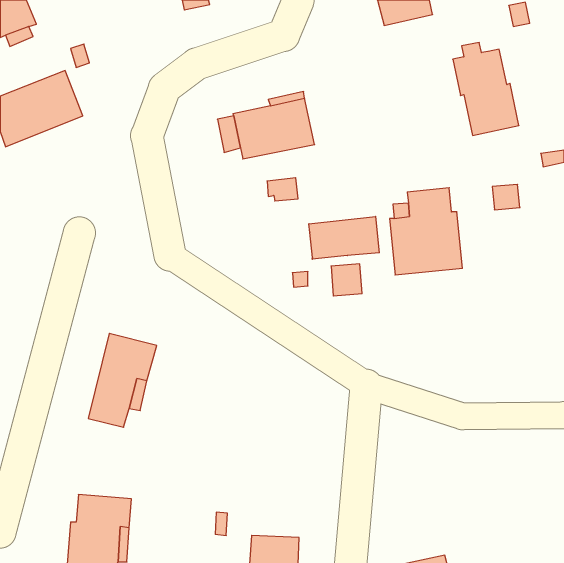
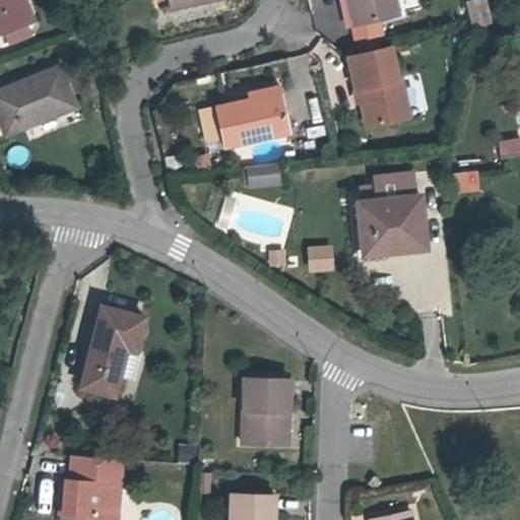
building: [453,43,519,135] -> [348,42,409,127]
building: [309,216,379,259] -> none
building: none -> [242,379,289,445]

